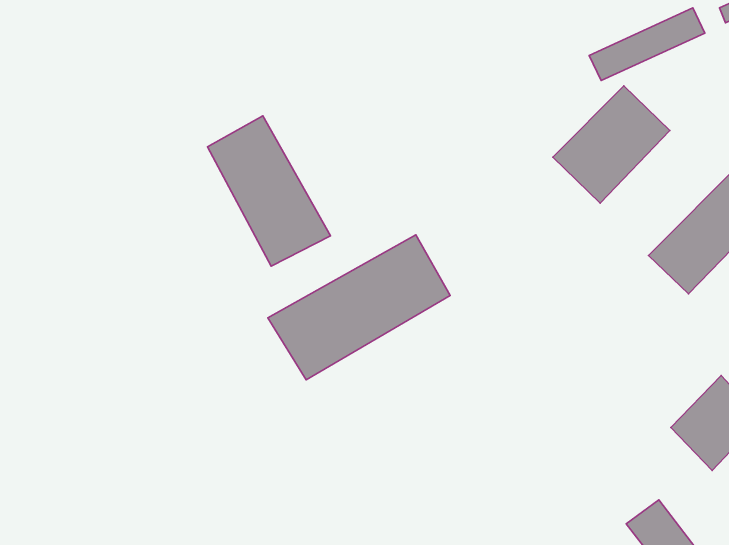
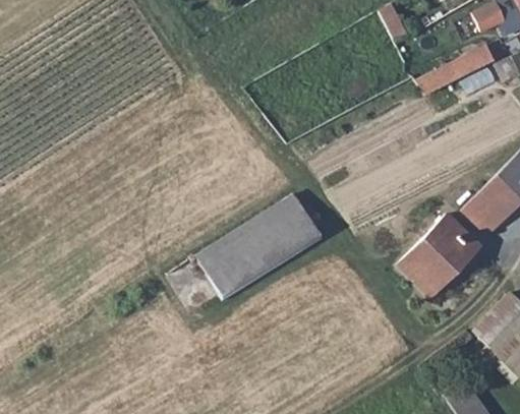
building: [553,86,670,203] -> [398,216,478,296]
building: [208,116,330,266] -> none

